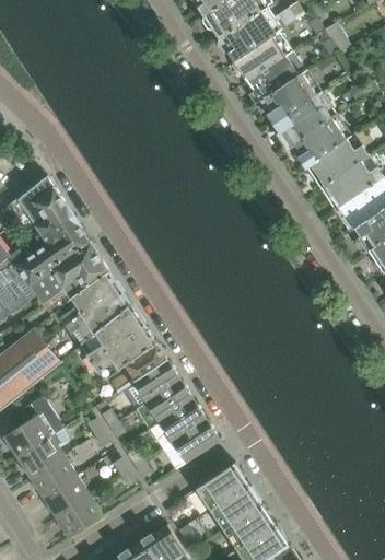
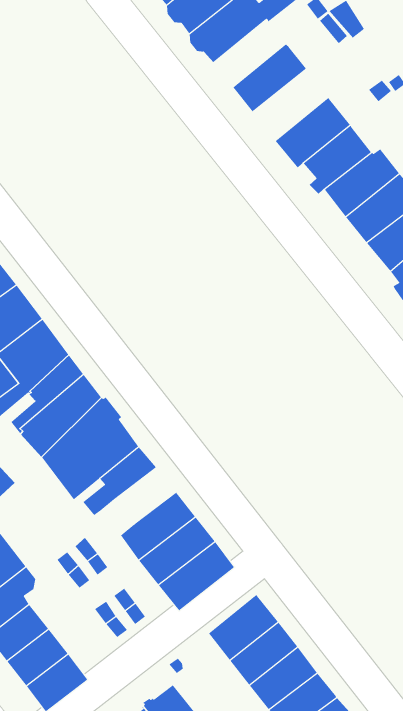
building: [234,31,290,80] -> none
building: [260,70,318,122] -> none
building: [122,360,180,409] -> none

